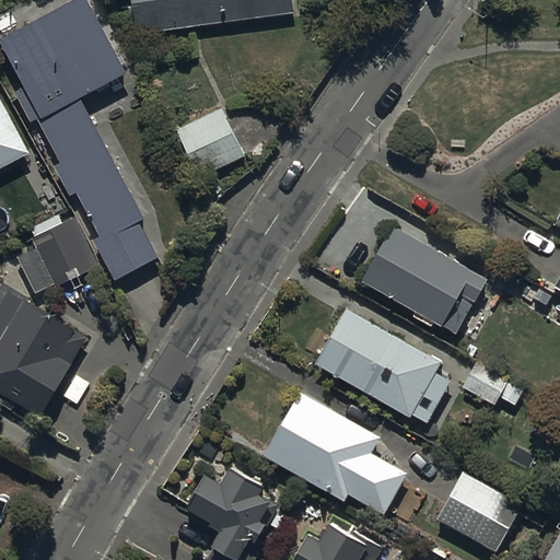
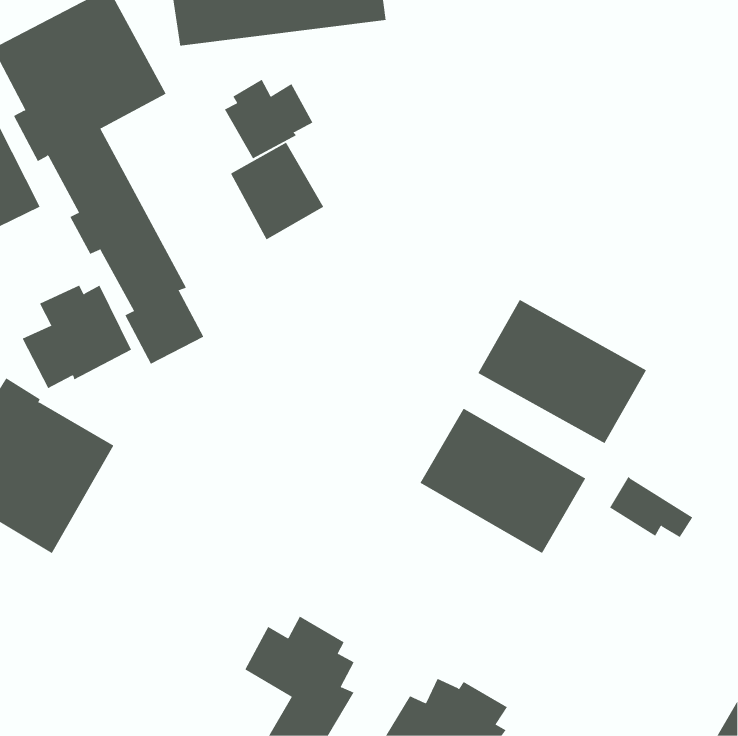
building: none -> [224,79,313,159]
building: [265,393,407,515] -> none
building: [439,472,521,551] -> none

